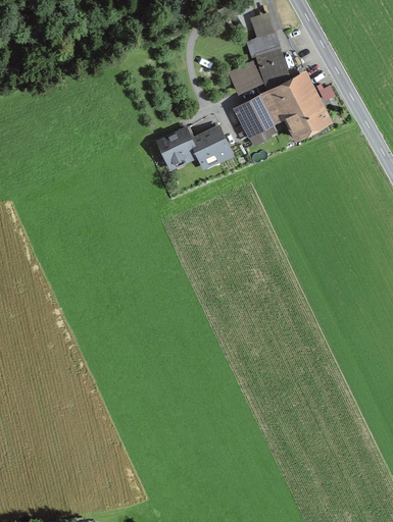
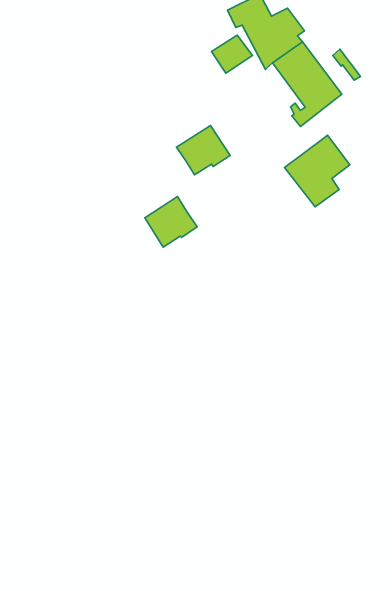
building: [236,91,286,144] -> [285,135,350,207]
building: [159,128,198,165] -> [145,196,197,247]

